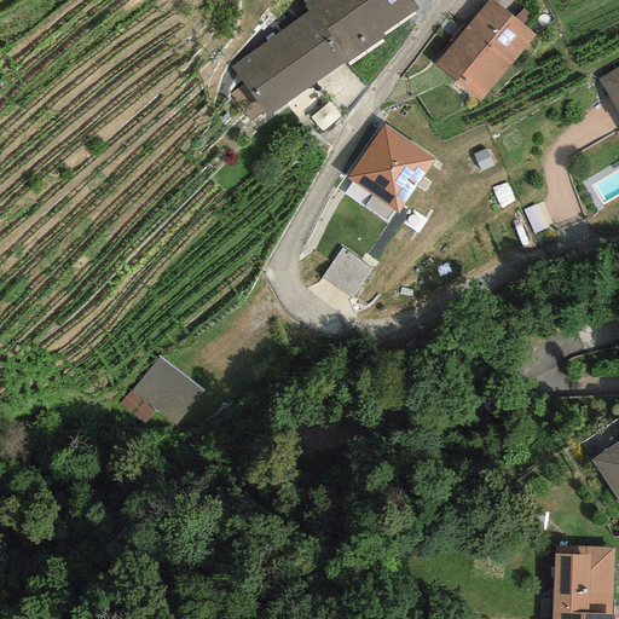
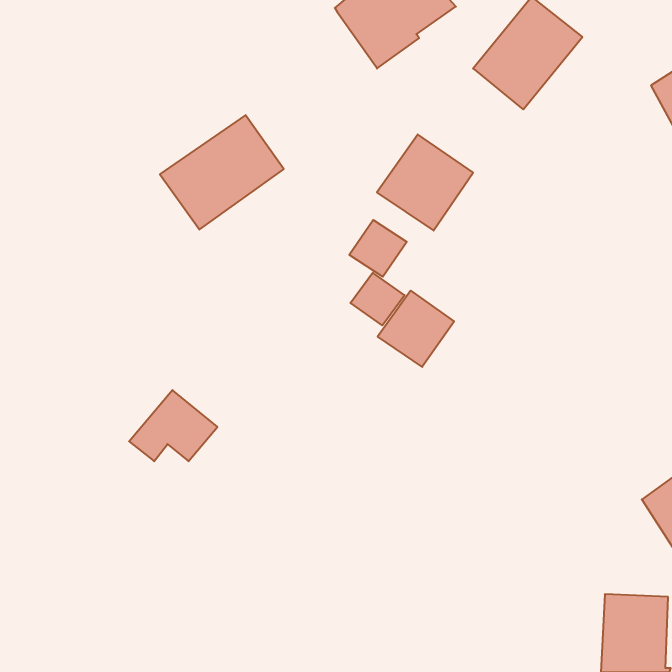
building: [232,11,346,116] -> [160,115,284,230]
building: none -> [349,220,407,277]
building: none -> [378,291,454,367]

